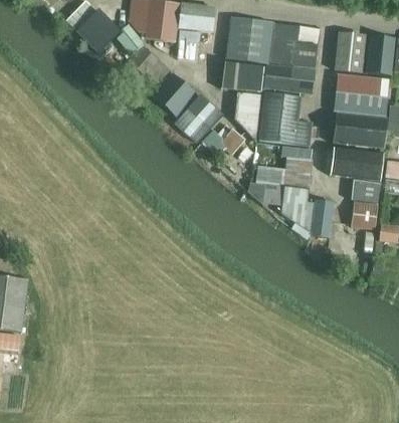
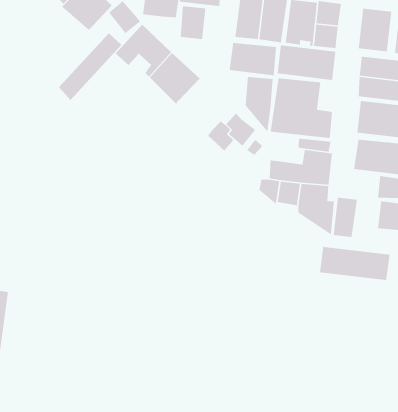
building: none -> [58,32,122,101]
building: [174,94,224,144] -> none
building: none -> [319,246,390,281]

